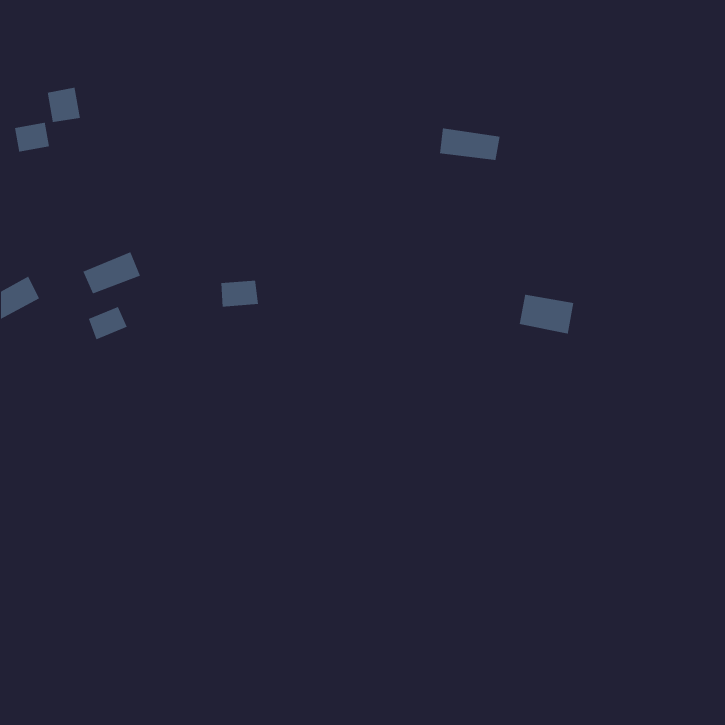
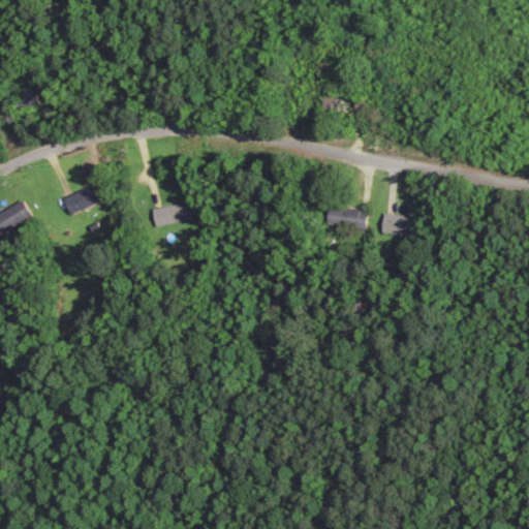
building: [47,87,81,123] -> none
building: none -> [325,206,368,231]
building: [88,306,127,340] -> none

